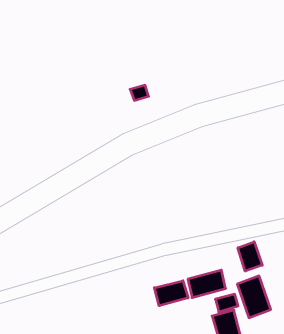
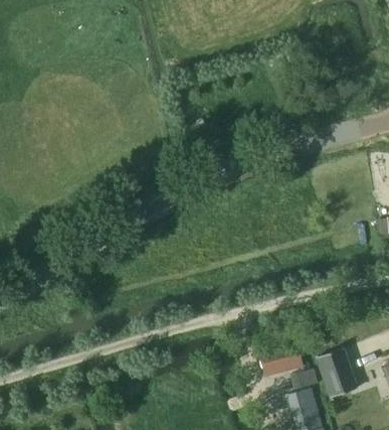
building: [238,242,262,271] -> none
building: [154,281,188,306] -> none

